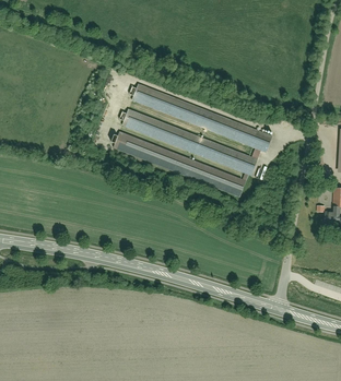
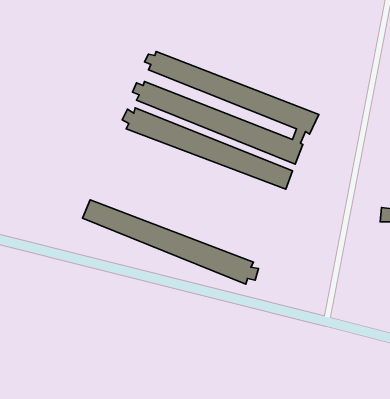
building: none -> [82,200,258,284]

